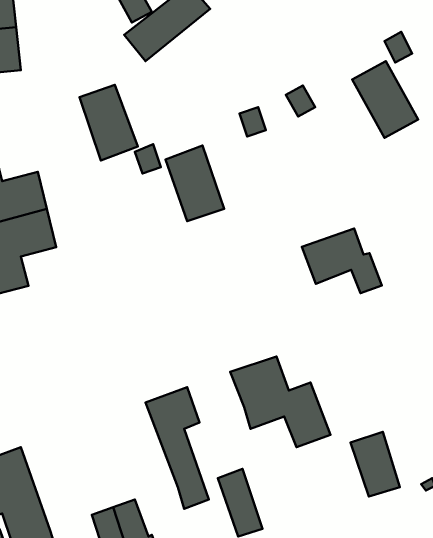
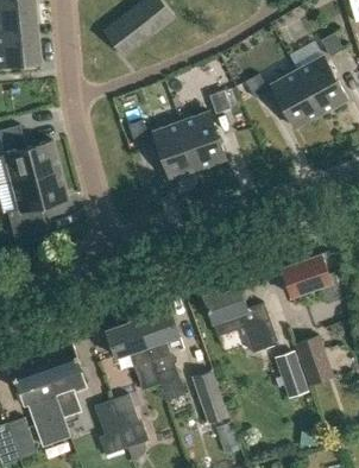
building: none -> [270,70,321,129]
building: [79,85,138,160] -> [181,112,226,170]
building: [302,228,382,293] -> [281,254,342,304]
building: none -> [106,320,162,391]
building: none -> [40,343,88,418]
building: none -> [275,358,308,405]

